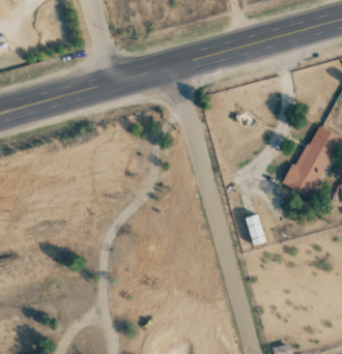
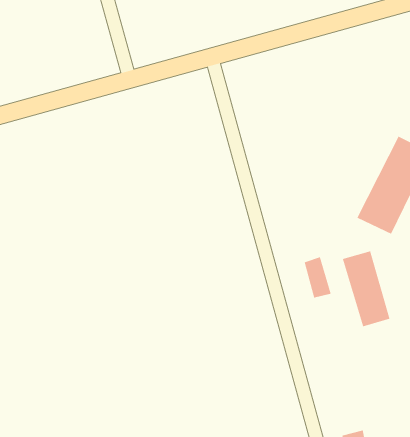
building: none -> [342,251,390,327]

